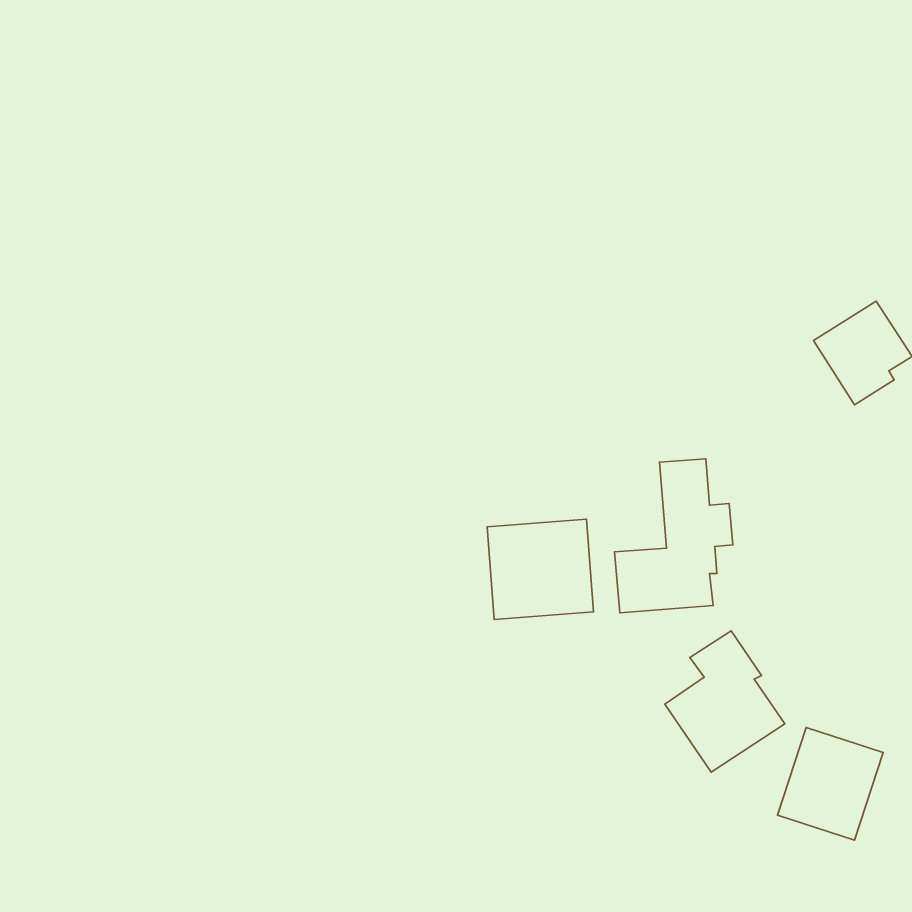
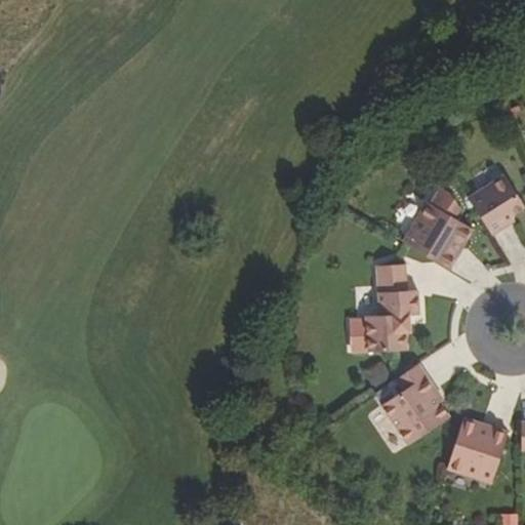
building: none -> [401,187,471,268]
building: [487,519,594,619] -> none

